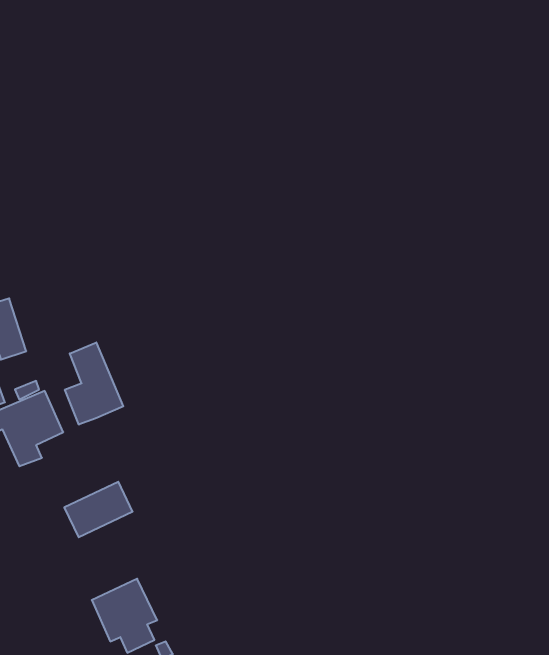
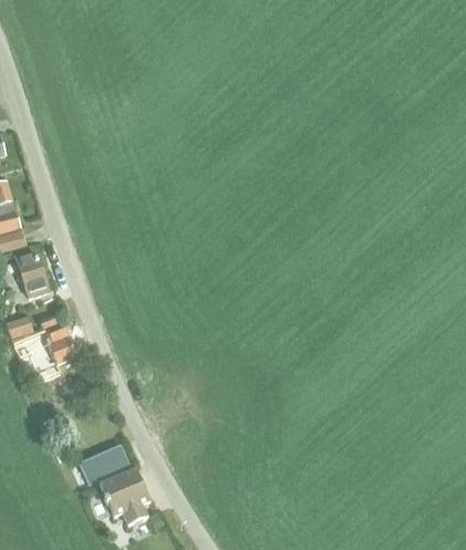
building: [65,342,123,425] -> none
building: [64,482,133,537] -> [77,444,131,487]

